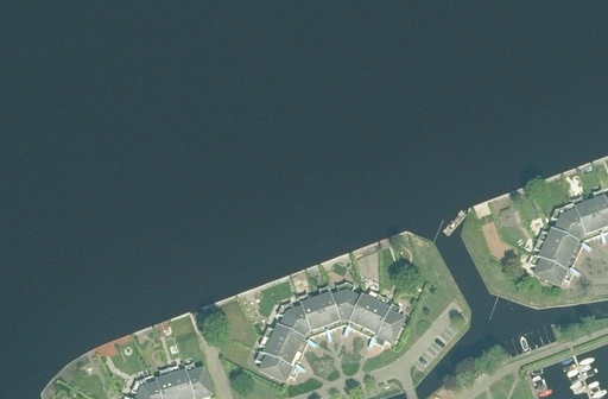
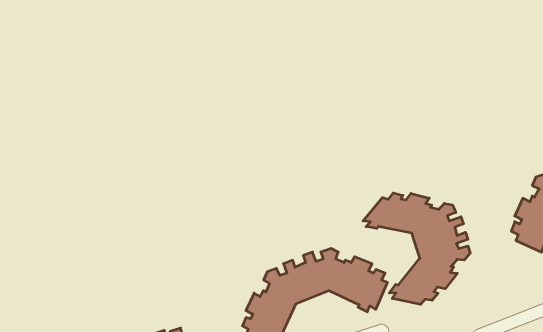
building: none -> [363,193,470,304]

